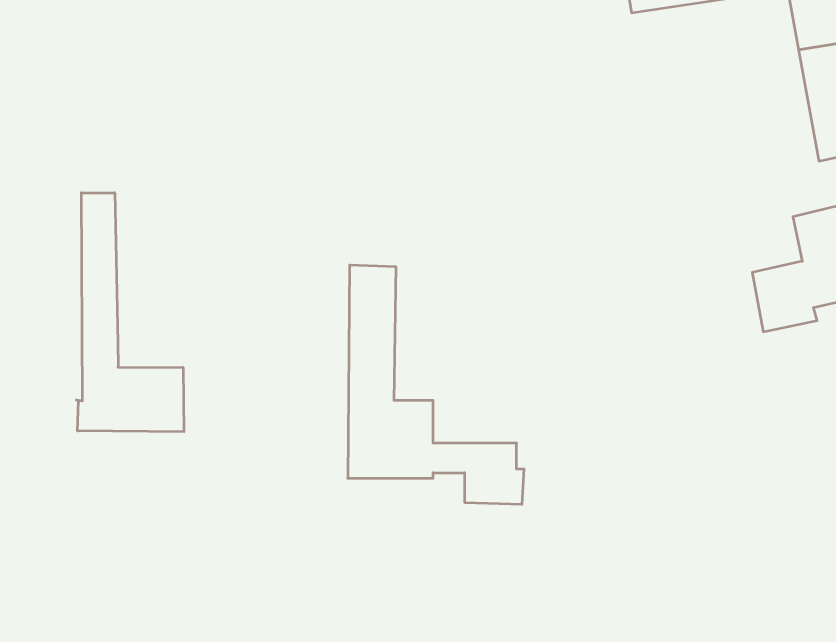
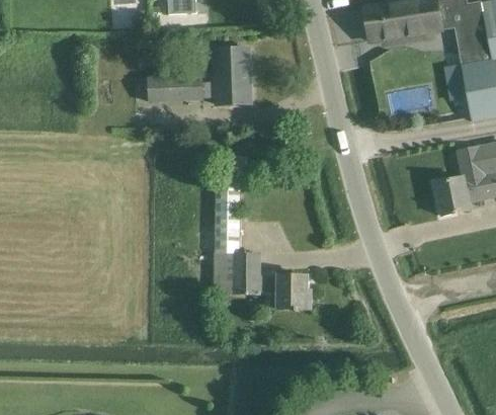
building: none -> [149,48,251,103]
building: [76,193,184,432] -> none

